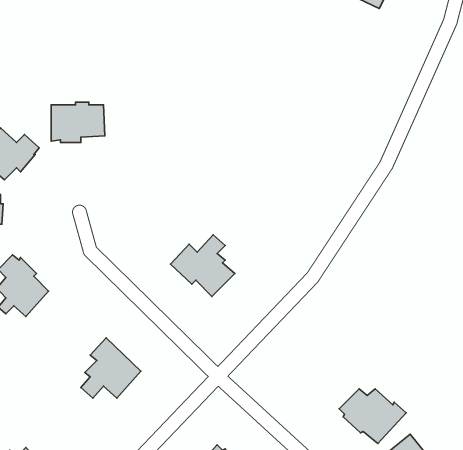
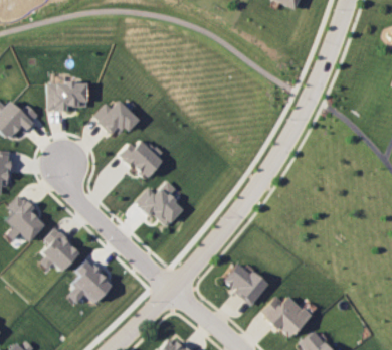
building: none -> [93,100,140,134]
building: none -> [119,139,165,179]
building: none -> [40,227,80,272]
building: none -> [225,264,270,306]

